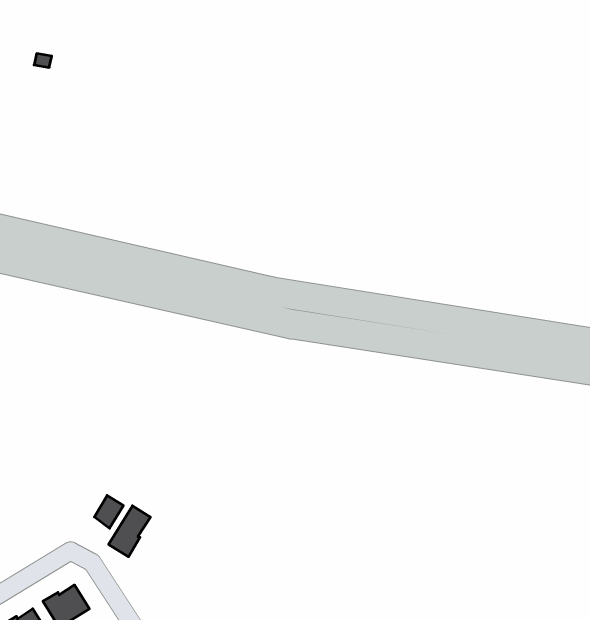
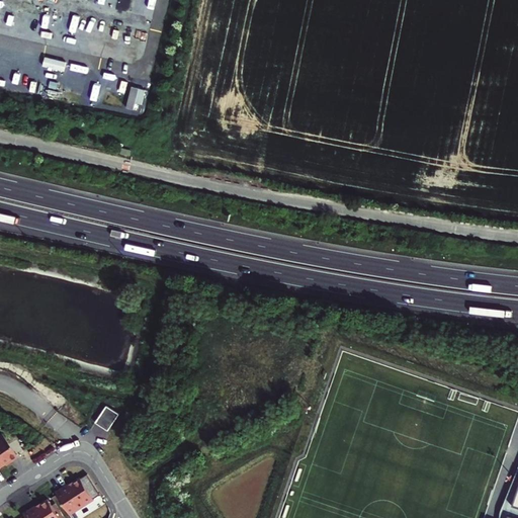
building: [109,506,150,557] -> none

